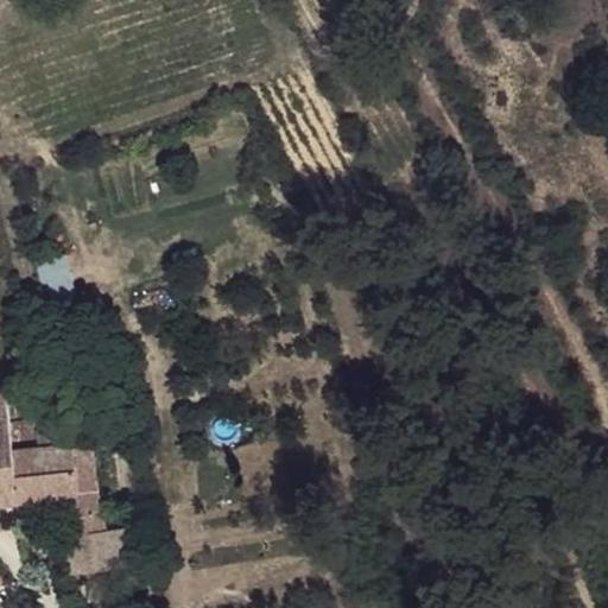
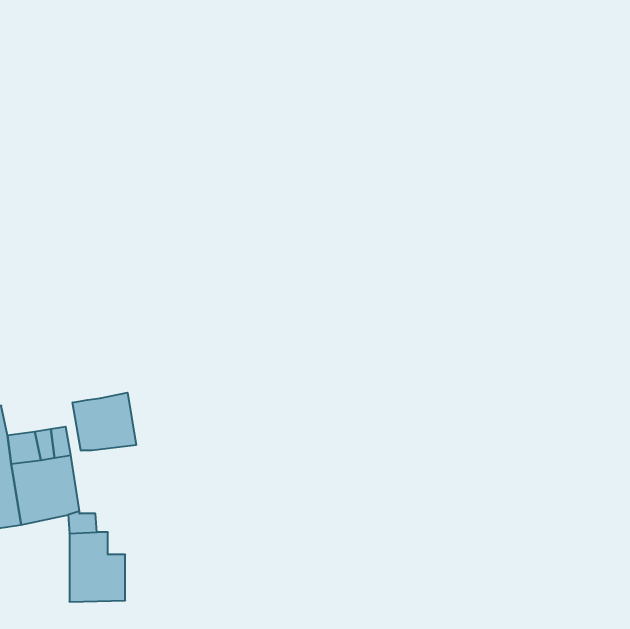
building: none -> [73,393,136,451]

